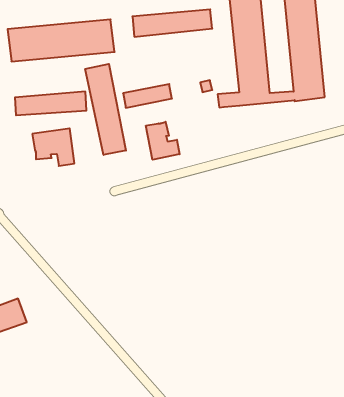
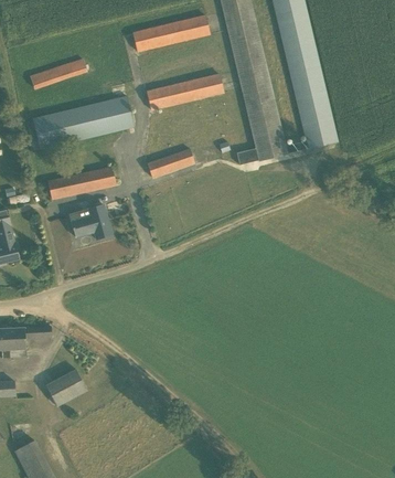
building: [85,64,126,155] -> none
building: [146,122,180,160] -> none

